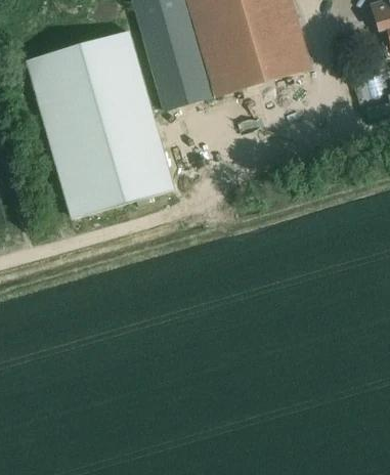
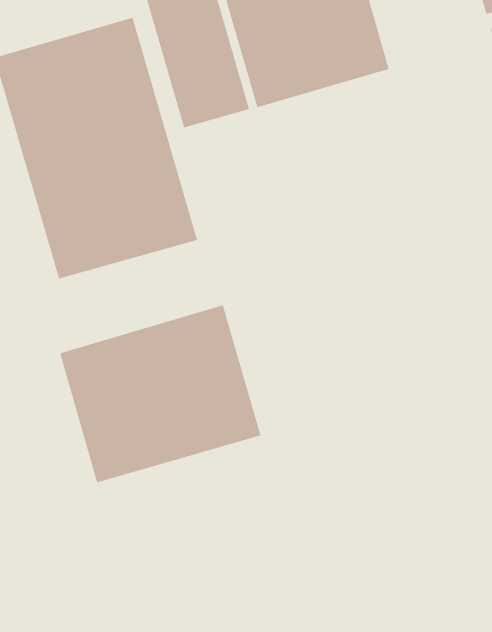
building: none -> [60,304,261,483]

